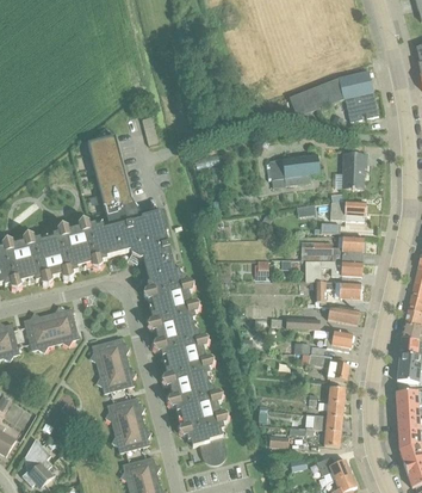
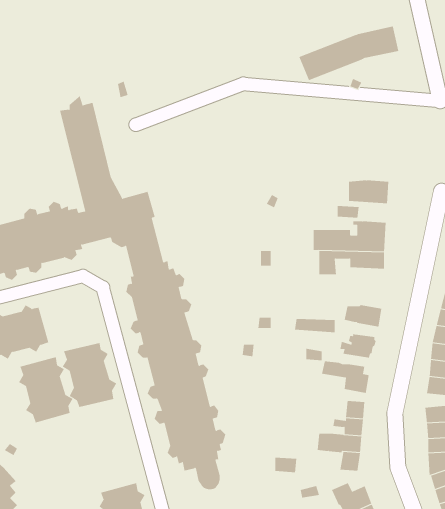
building: [345,92,378,122] -> none
building: [335,153,367,190] -> none
building: [268,154,322,186] -> none
building: [315,282,360,306] -> none
building: [105,396,151,452] -> [18,357,73,423]

